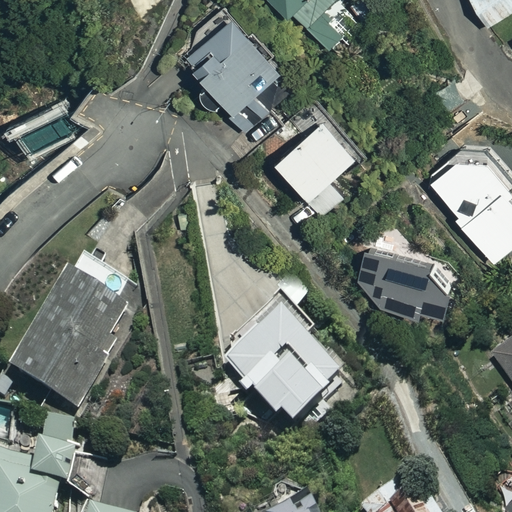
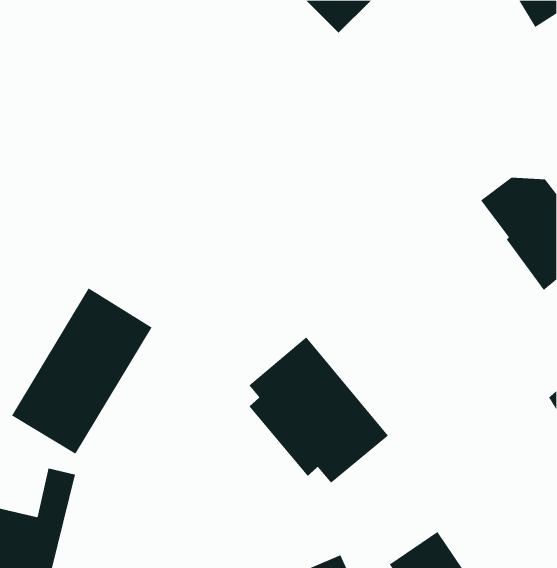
building: [186,5,285,125] -> none
building: [280,118,363,213] -> none
building: [357,247,455,316] -> none

